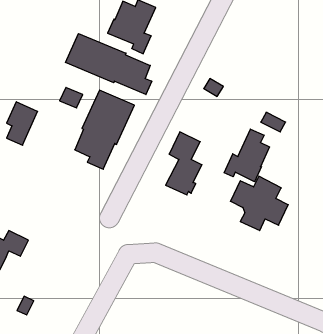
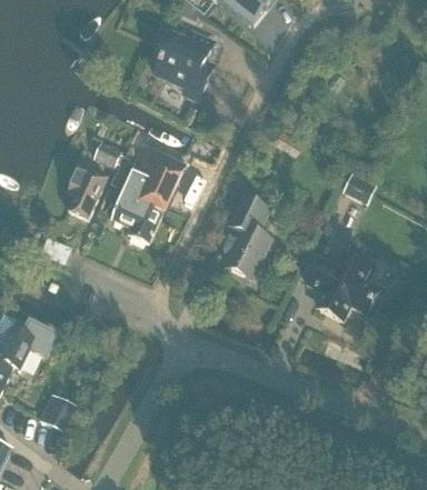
building: [66,34,152,95] -> none
building: [7,102,38,145] -> [68,163,107,218]
building: [224,129,270,182] -> none

